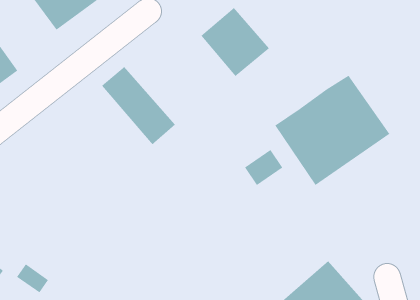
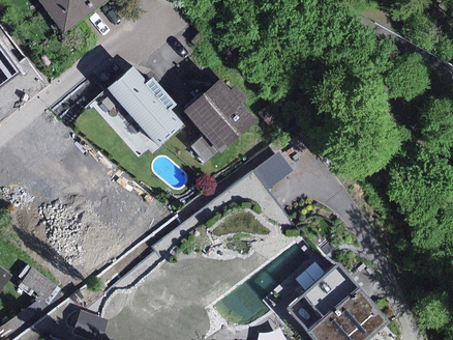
building: [200,7,270,77] -> [184,81,254,151]
building: [275,75,390,186] -> none

